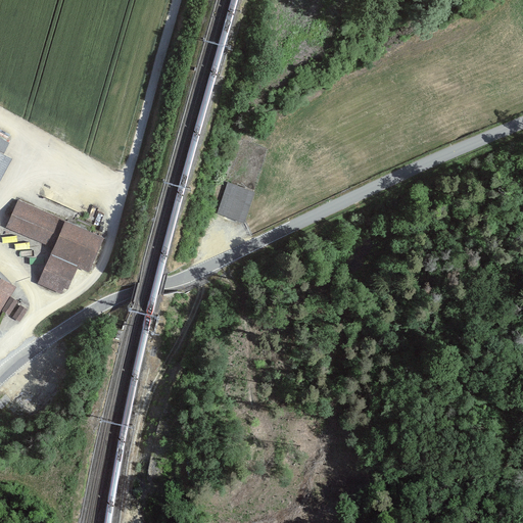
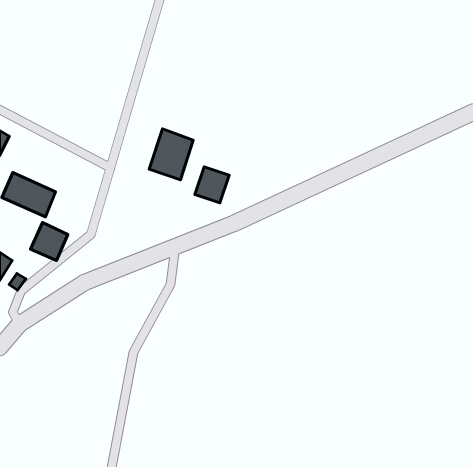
building: none -> [149,129,193,180]
building: [47,219,103,271] -> none

